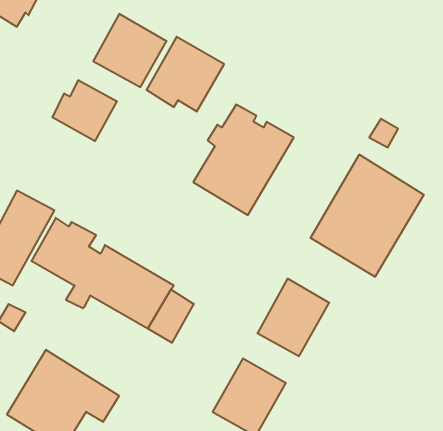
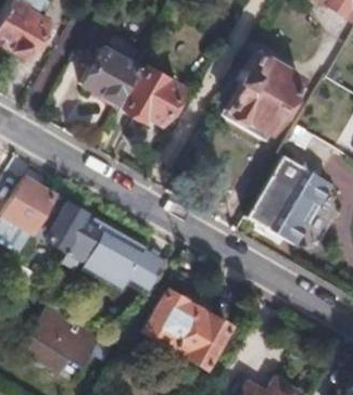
building: [52,80,117,141] -> none
building: [193,104,294,215] -> [224,53,300,137]
building: [257,279,329,356] -> [141,289,196,347]

